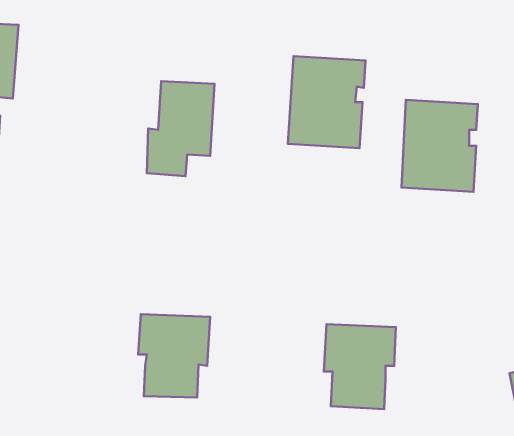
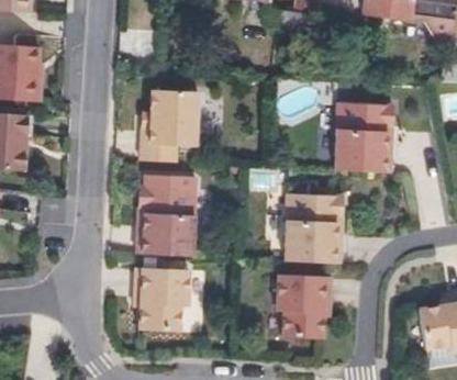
building: [288,56,365,148] -> [285,193,344,264]
building: none -> [136,174,197,256]

